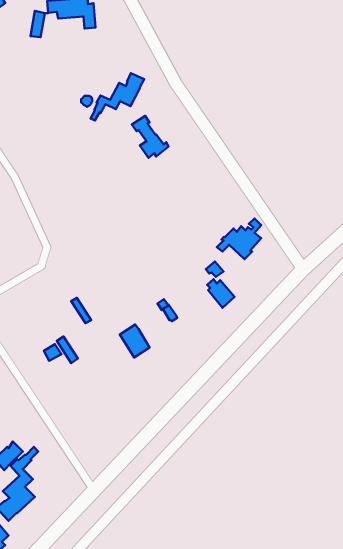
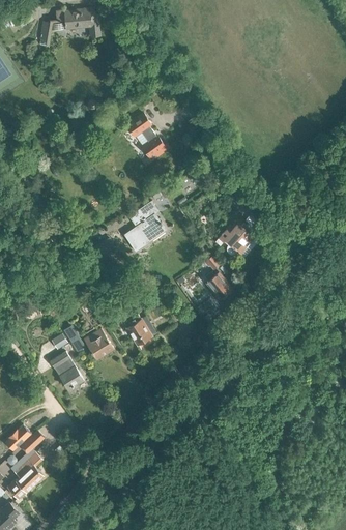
building: [90,73,144,121] -> none
building: none -> [124,201,165,252]
building: none -> [82,328,113,360]
building: none -> [49,352,83,390]

